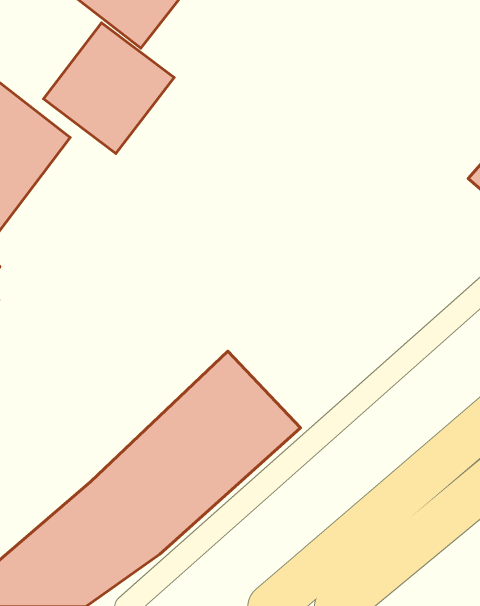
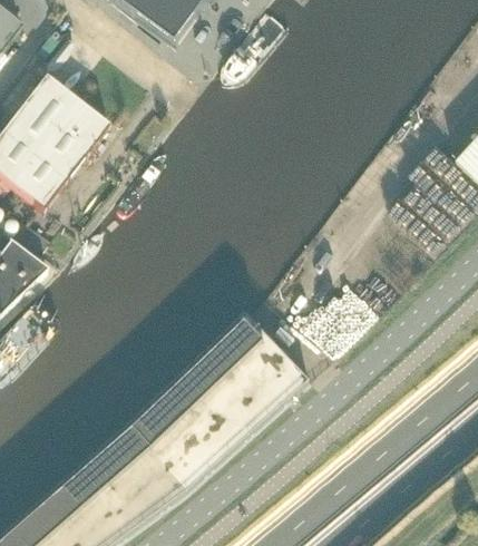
building: [44,23,174,154] -> none

